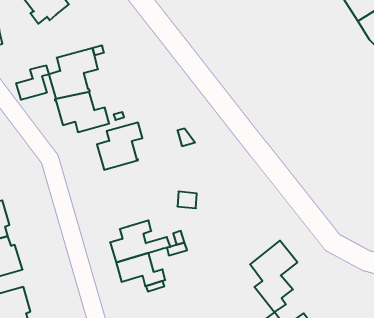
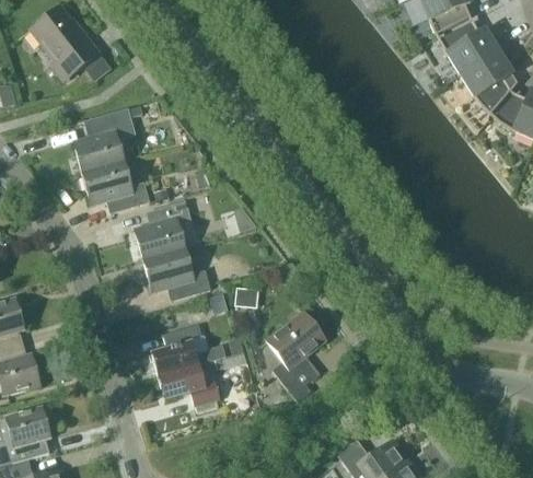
building: [16,65,49,100] -> none
building: none -> [143,248,211,301]
building: [250,241,297,312] -> [267,312,326,401]

